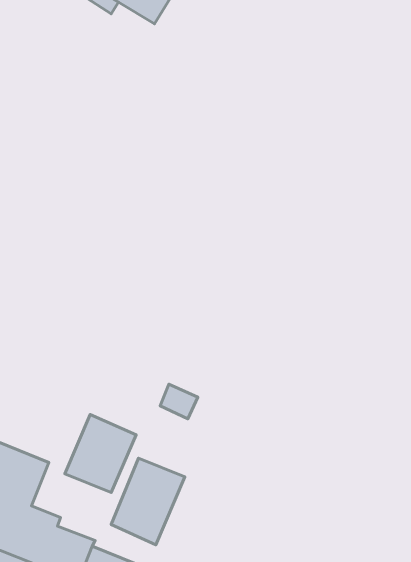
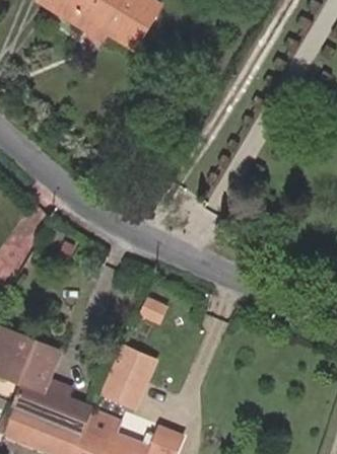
building: [65,415,136,492] -> none

